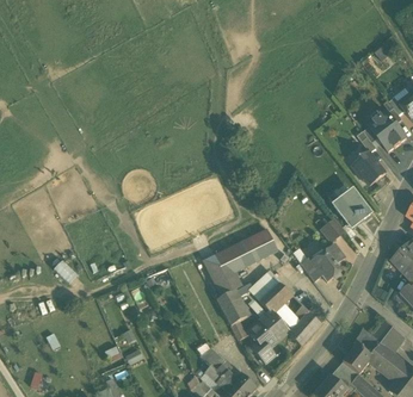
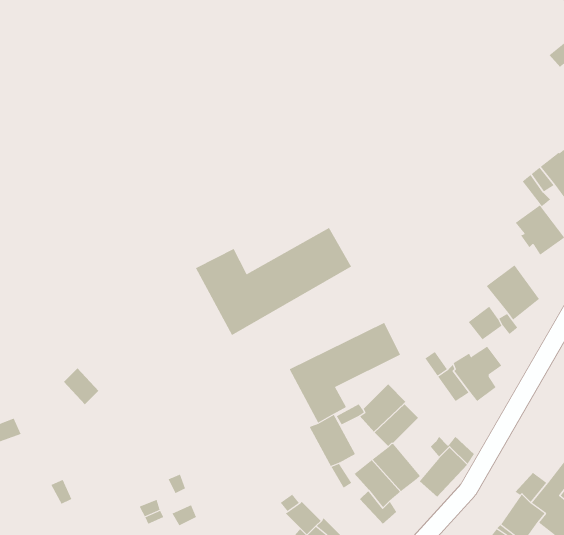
building: none -> [195,227,352,336]

